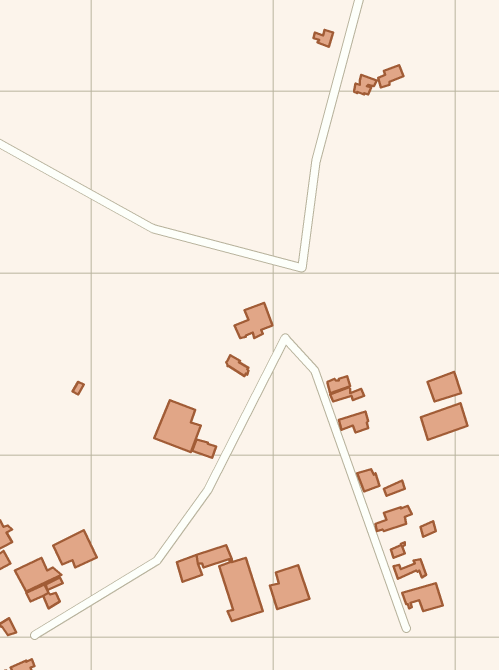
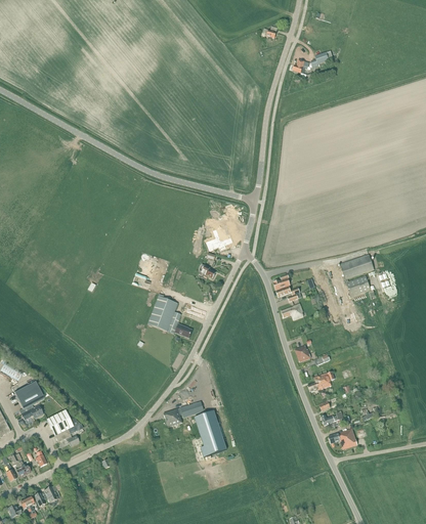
building: [421,403,467,440] -> [340,253,374,279]
building: [53,530,97,567] -> none
building: [270,565,310,609] -> none

